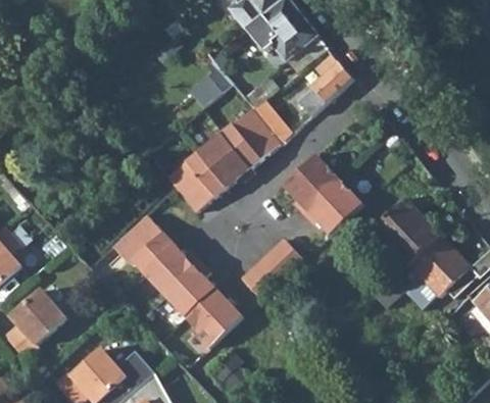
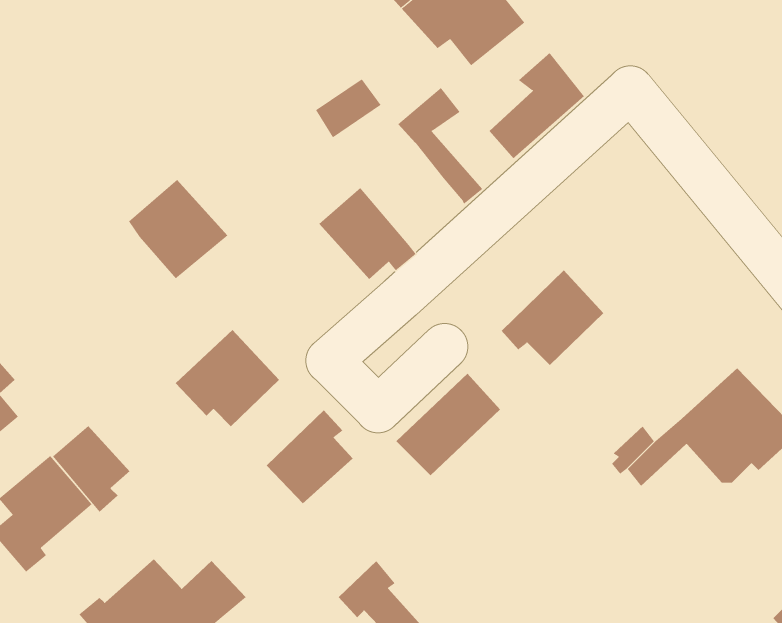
building: [220,107,280,166] -> none
building: [167,154,226,212] -> [128,179,228,279]
building: [284,156,339,216] -> none
building: [372,200,440,267] -> none
building: [145,245,199,295] -> none
building: none -> [52,425,130,513]
building: [187,291,242,351] -> none

